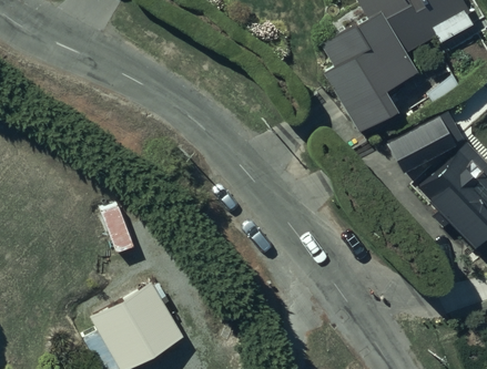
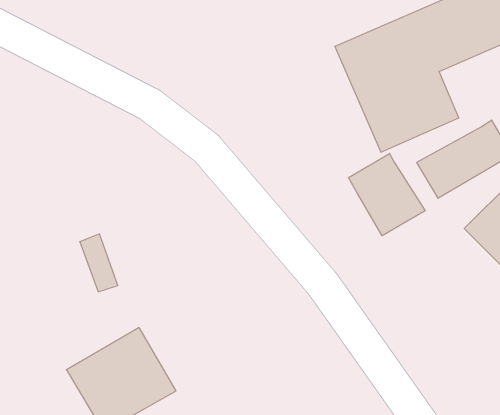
building: none -> [349,153,425,236]

